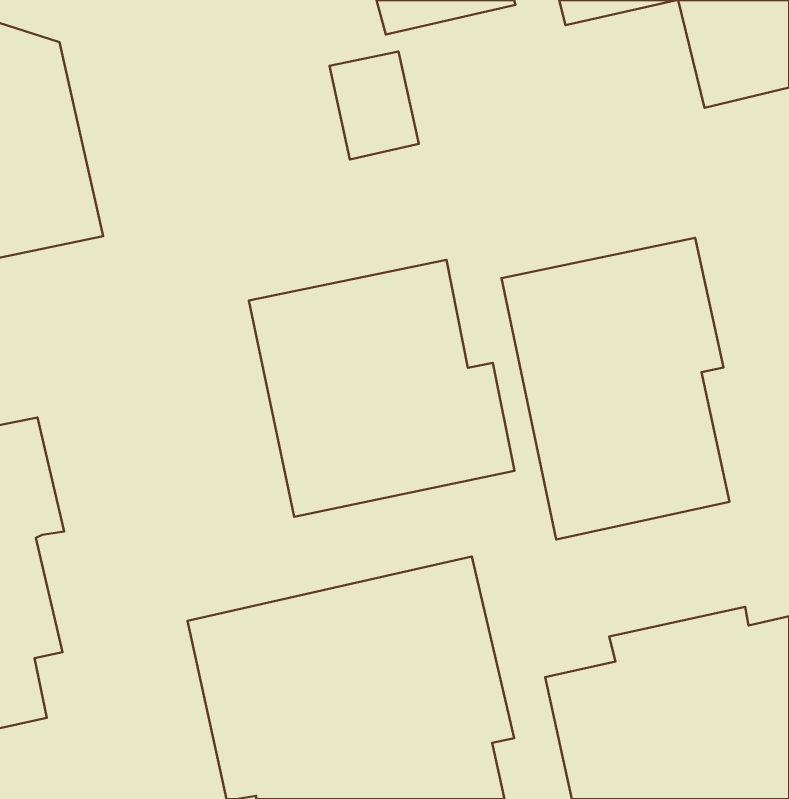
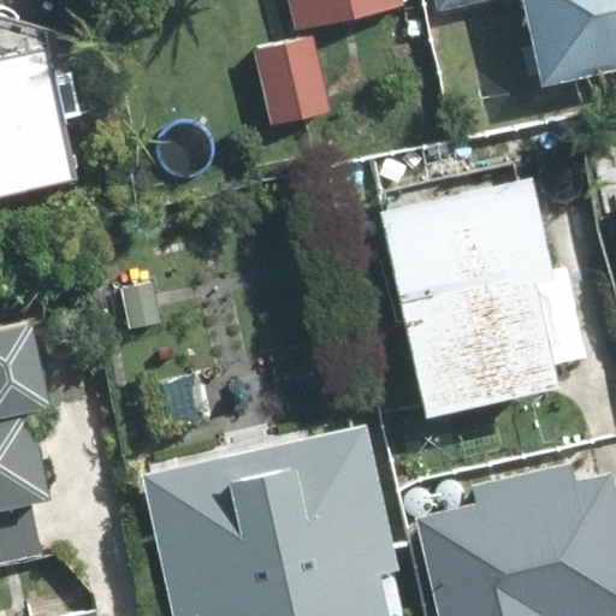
building: [249,260,514,517] -> none

